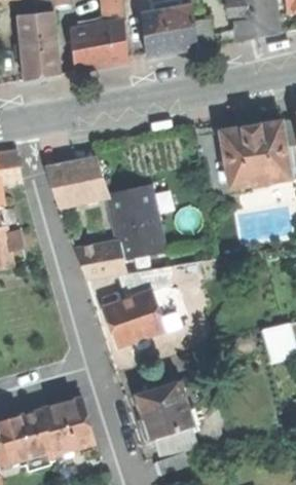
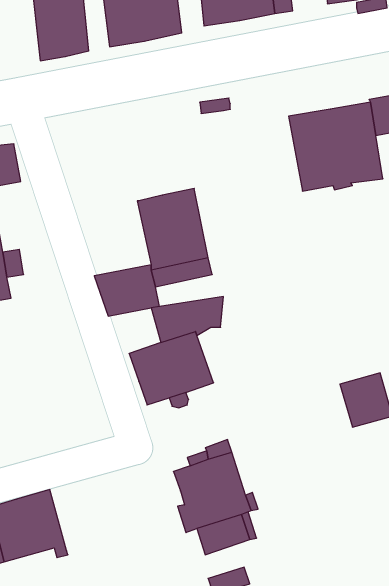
building: [43,159,106,202] -> none
building: [40,396,91,452] -> none

